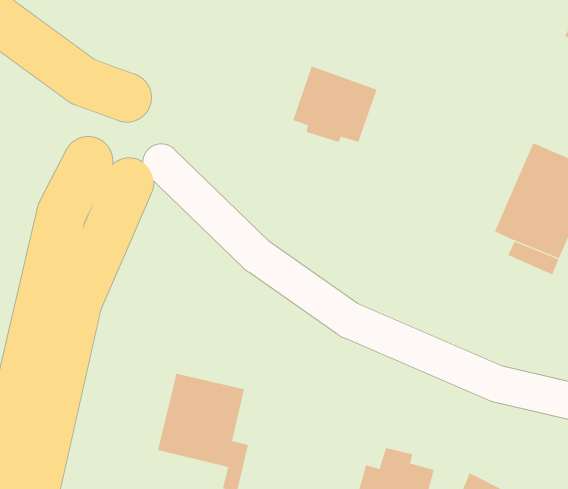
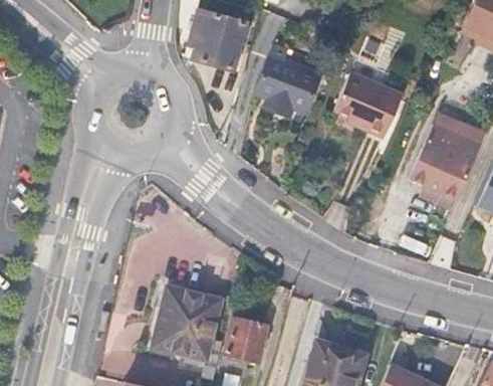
building: none -> [189,10,246,71]
building: none -> [334,75,401,140]
building: none -> [224,318,266,362]

